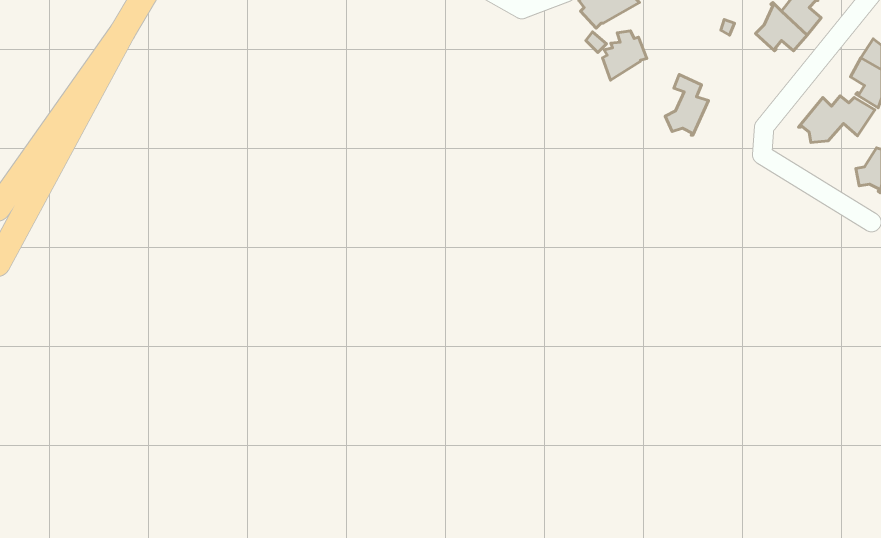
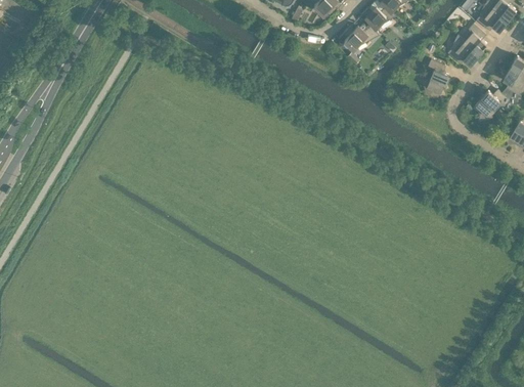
building: [603,31,647,80] -> none
building: [665,74,708,135] -> [424,58,449,94]

